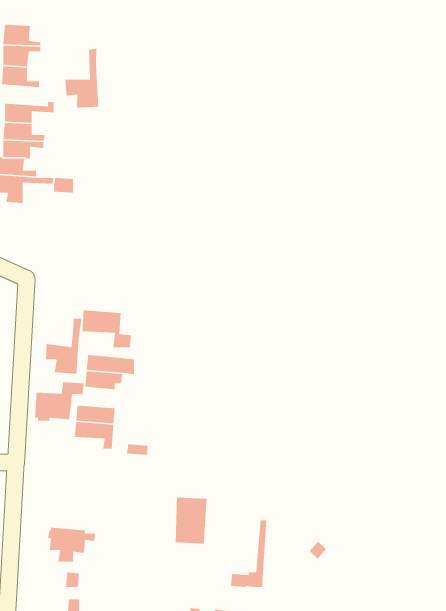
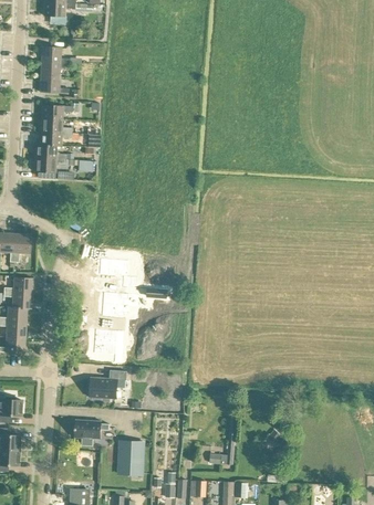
building: [64,48,99,108] -> none
building: [45,318,82,375] -> none
building: [34,381,85,422] -> [91,369,128,399]
building: [175,497,207,544] -> [121,440,145,475]

